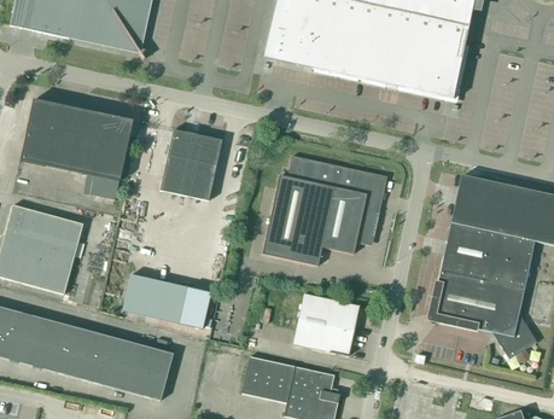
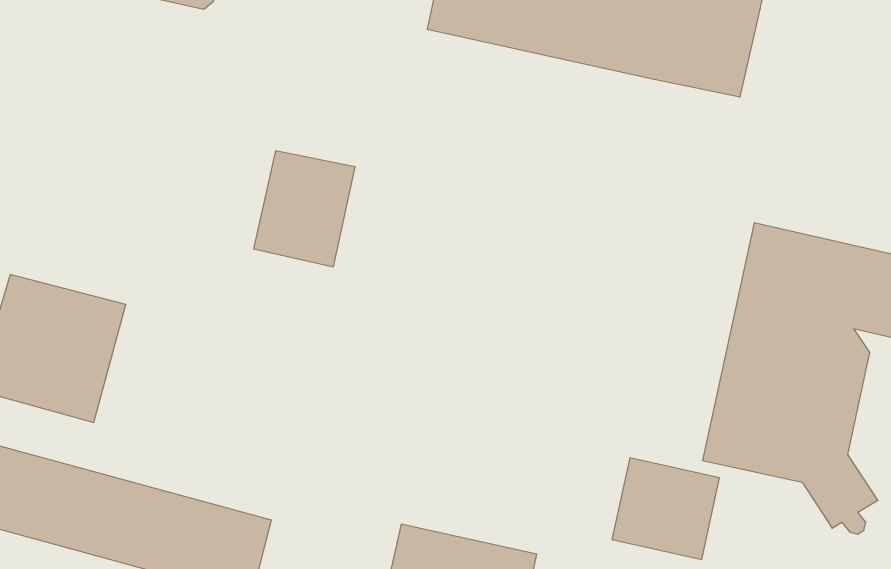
building: [21,99,133,199] -> none
building: [262,156,387,266] -> none
building: [124,275,212,328] -> none
building: [293,295,358,356] -> [612,458,720,560]

